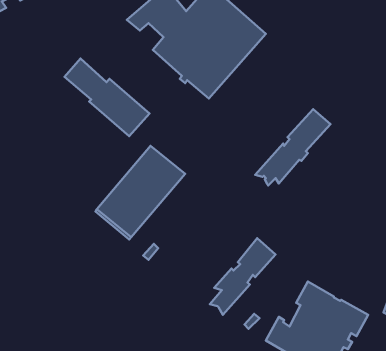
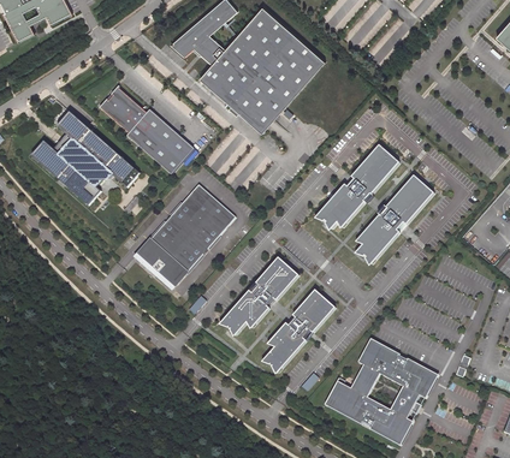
building: none -> [34,113,141,206]
building: none -> [354,174,432,264]
building: none -> [220,257,298,337]

